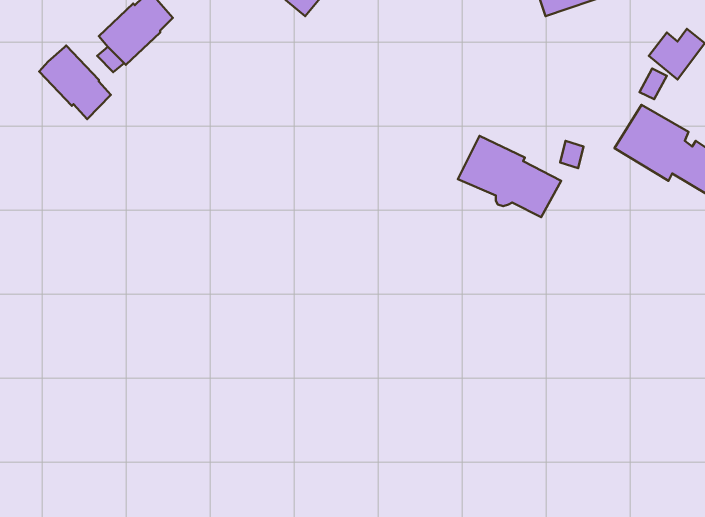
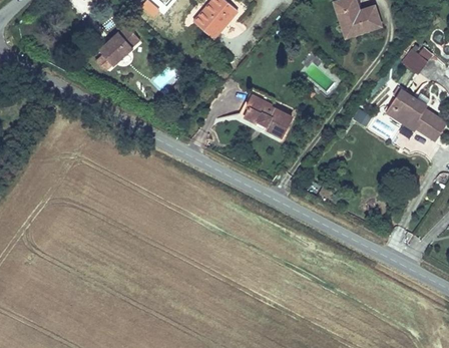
building: [39,46,111,119] -> none
building: [458,136,561,217] -> [238,92,295,137]

